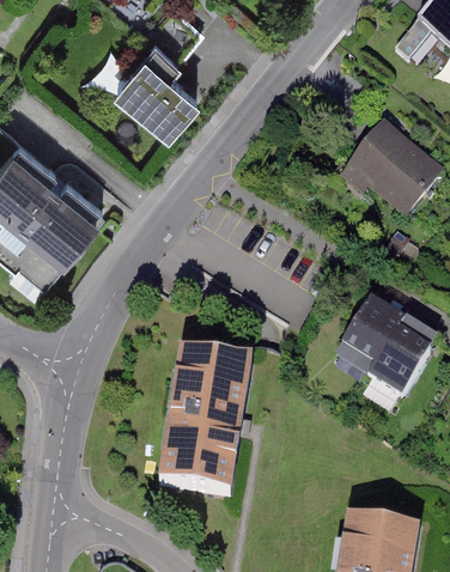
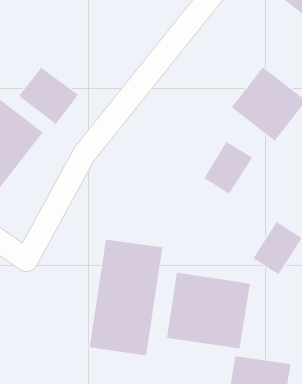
building: [116,56,196,133] -> [18,67,79,125]
building: [338,303,403,373] -> [203,141,253,194]
building: none -> [166,272,251,349]

